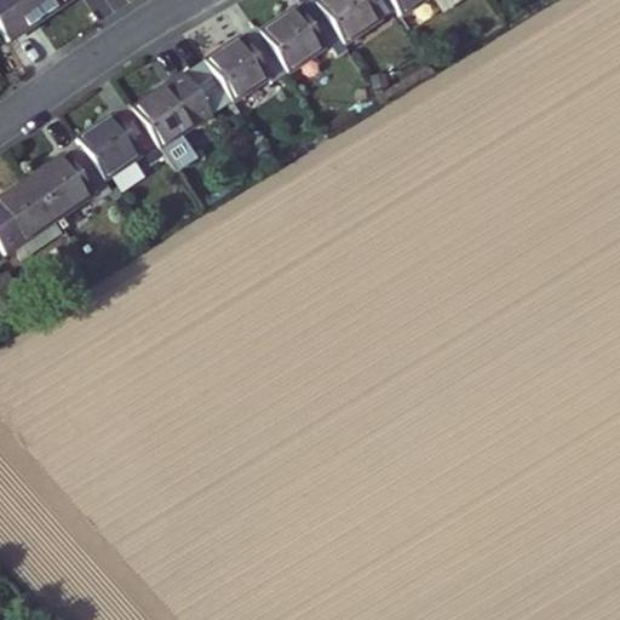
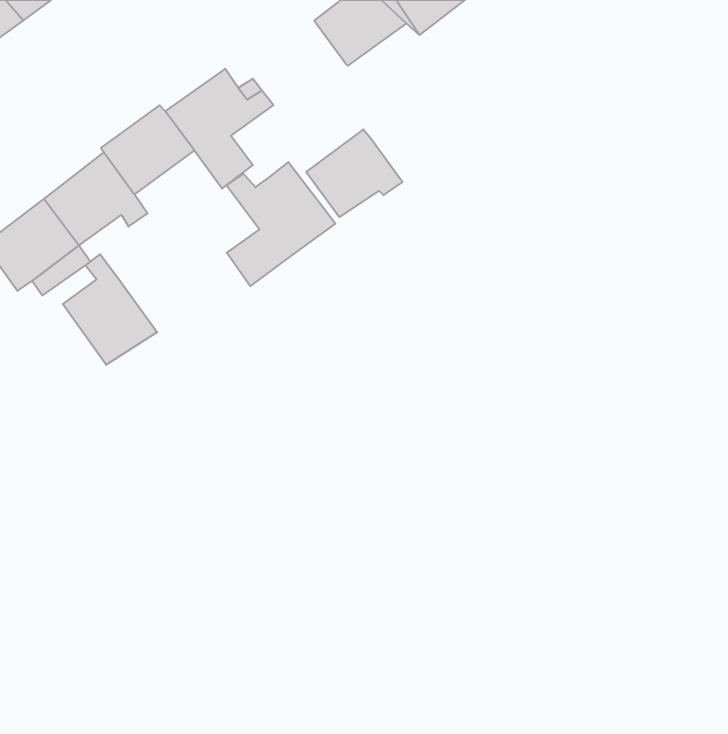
building: [207,21,287,93] -> [306,129,403,217]
building: none -> [226,162,335,286]
building: none -> [63,254,157,365]

